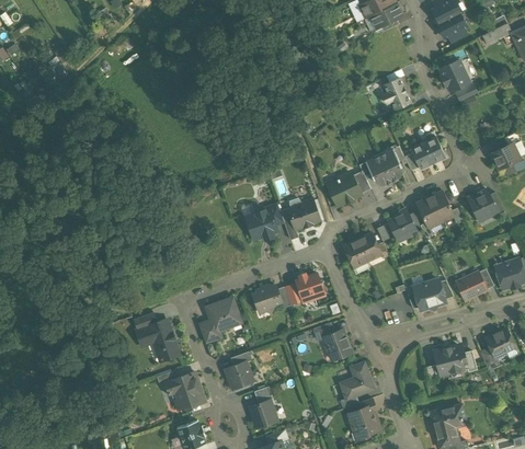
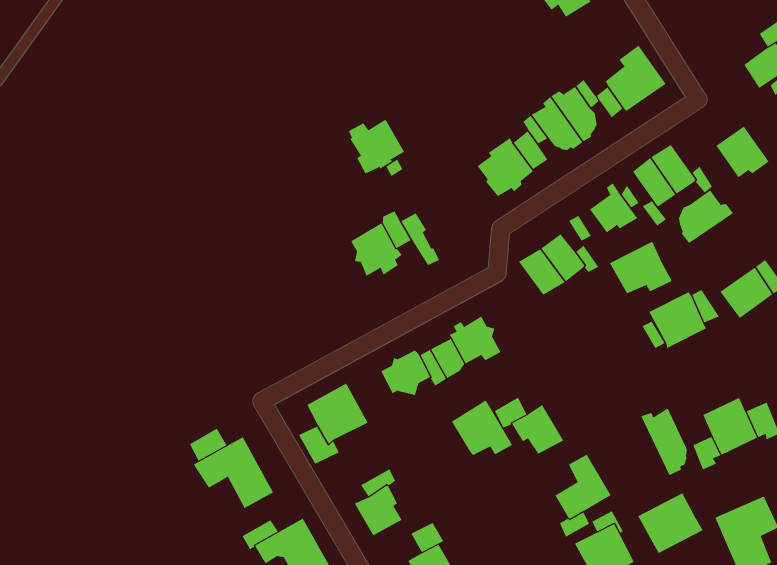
building: [289,199,320,229] -> [348,119,405,174]
building: none -> [679,190,734,244]
building: none -> [609,241,672,294]
building: none -> [451,399,513,456]
building: none -> [640,408,687,476]
building: none -> [638,492,703,554]

